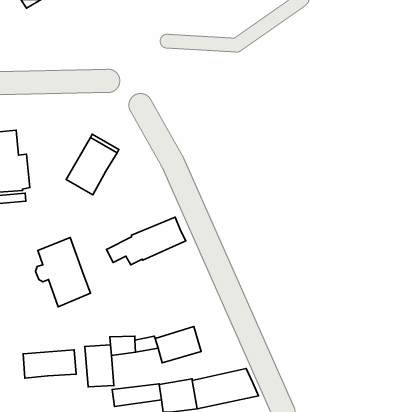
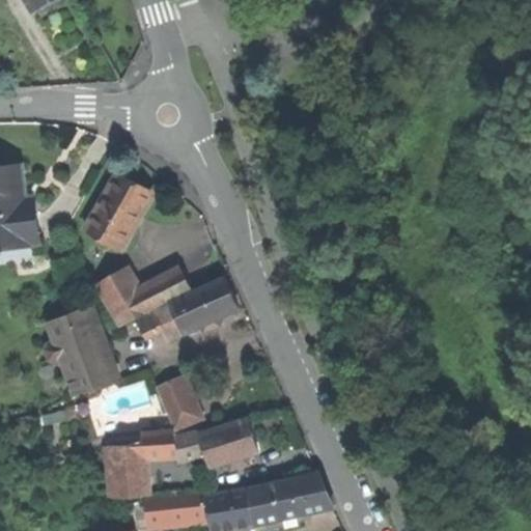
building: none -> [96,269,190,327]
building: none -> [157,375,203,430]
building: [23,350,76,378] -> none

